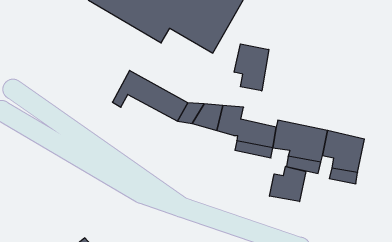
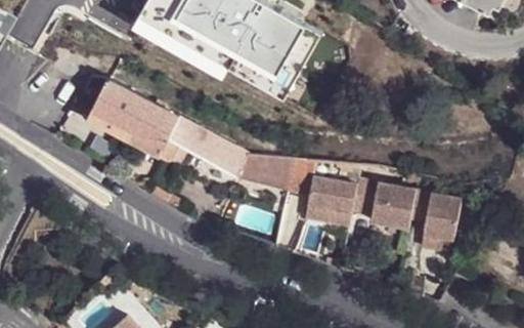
building: none -> [88,79,181,158]
building: [234,44,269,91] -> none
building: [270,166,306,202] -> none

